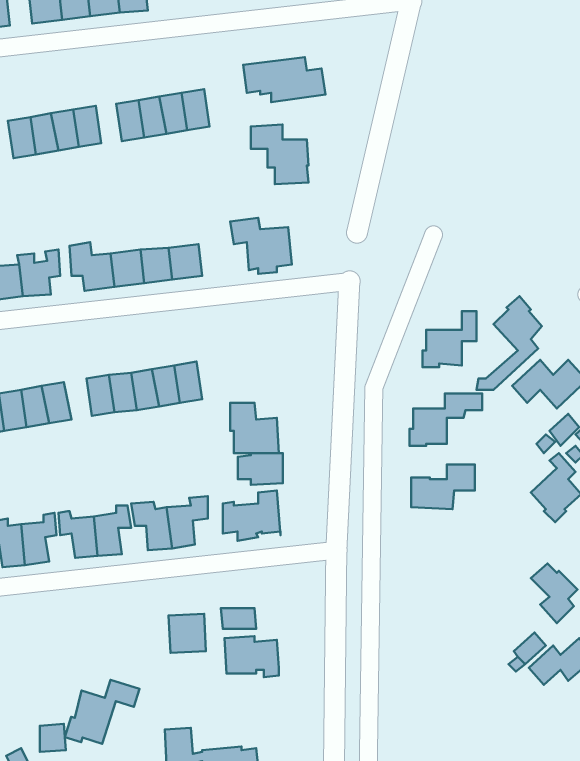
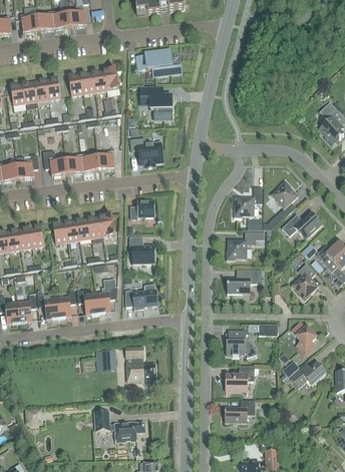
building: [238,453,283,485] -> [129,205,153,222]
building: none -> [226,331,258,357]
building: none -> [226,366,254,390]
building: [65,680,139,744] -> none
building: none -> [225,400,254,423]

